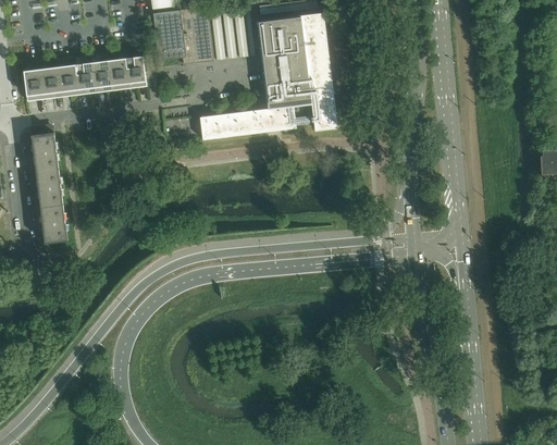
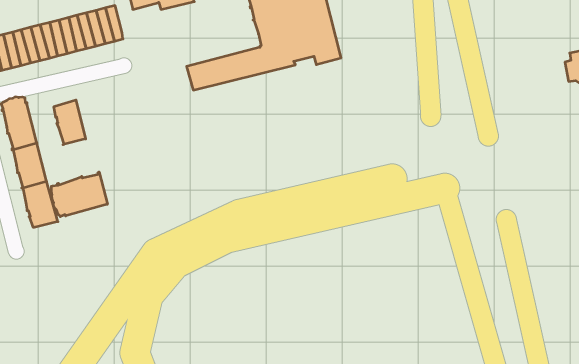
building: none -> [54,100,86,145]
building: none -> [51,172,107,217]

